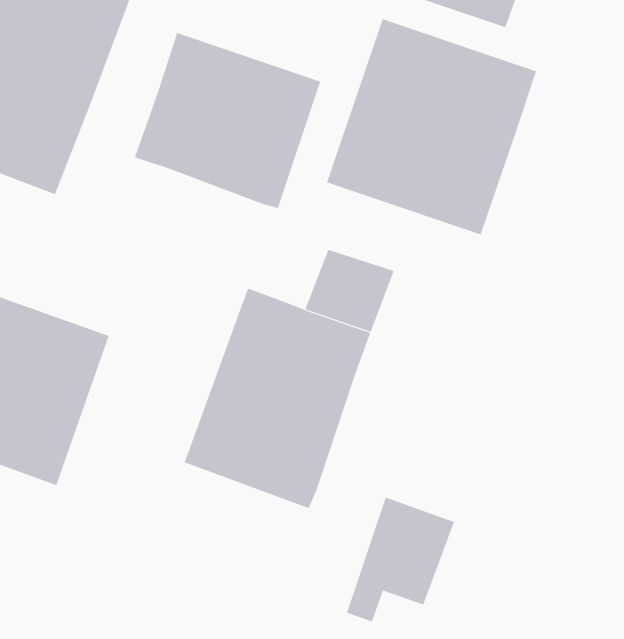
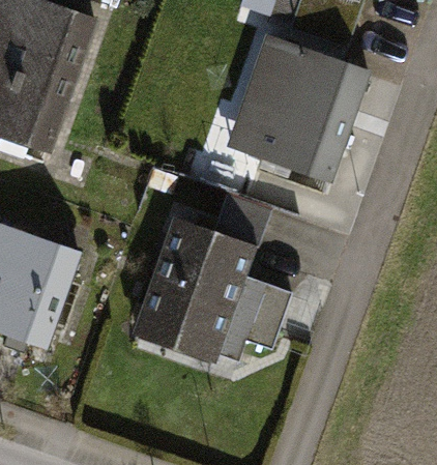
building: [134,32,321,209] -> none
building: [346,497,455,622] -> [221,274,293,358]

